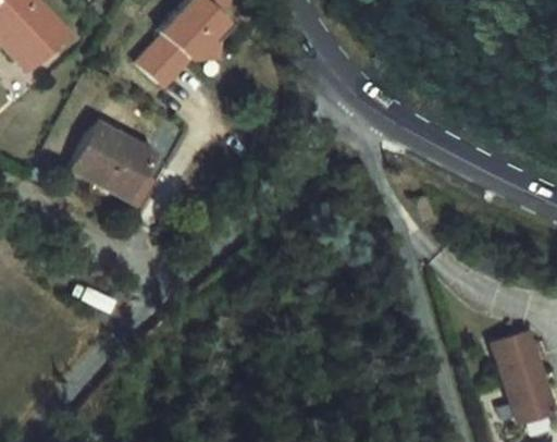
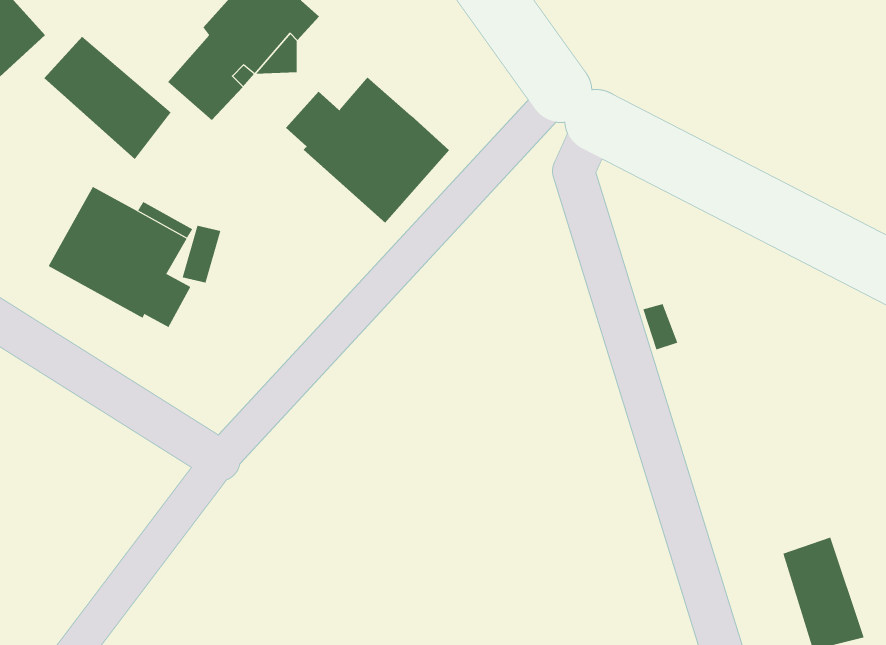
building: none -> [43,36,171,160]
building: none -> [285,76,450,223]

